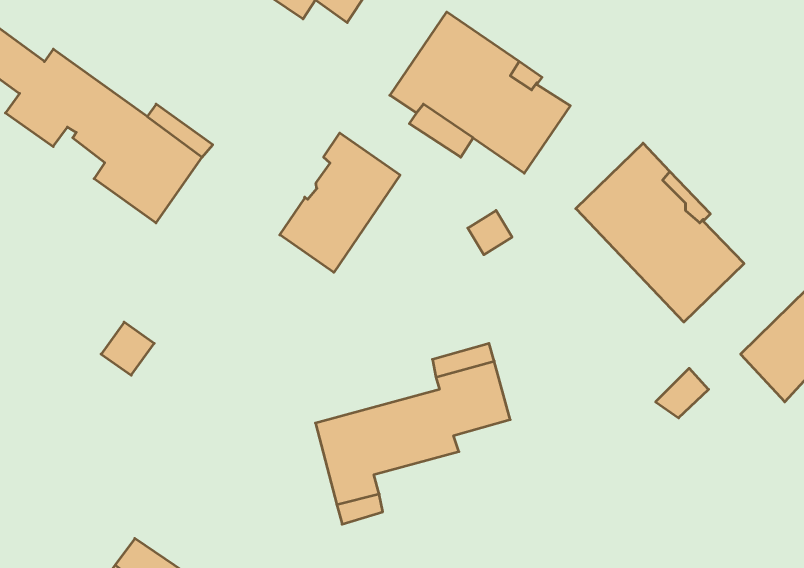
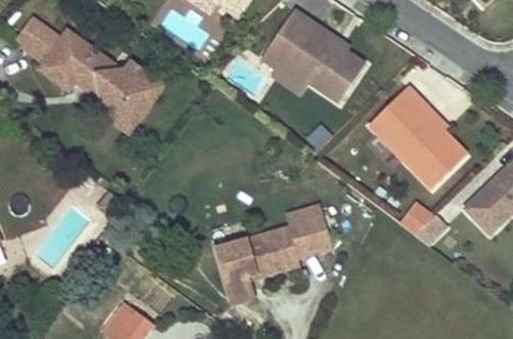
building: [280,133,400,272] -> none

